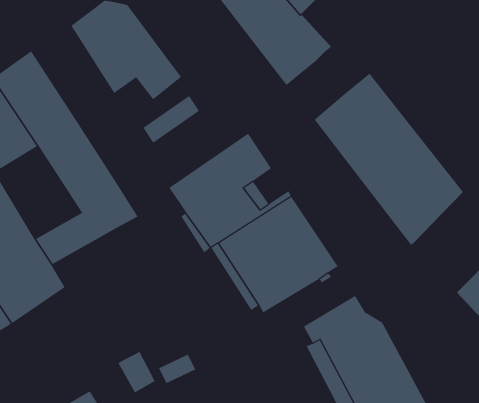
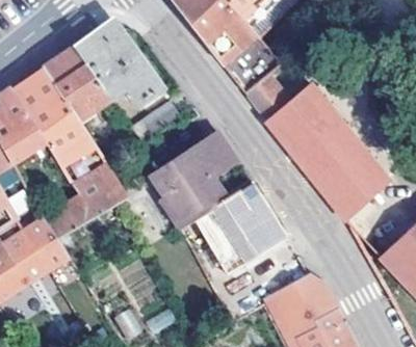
building: none -> [43,47,108,121]
building: none -> [245,75,290,122]

